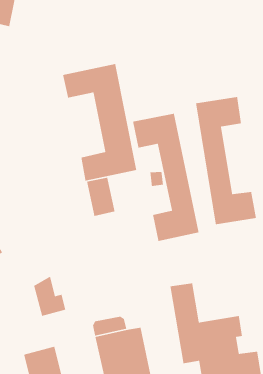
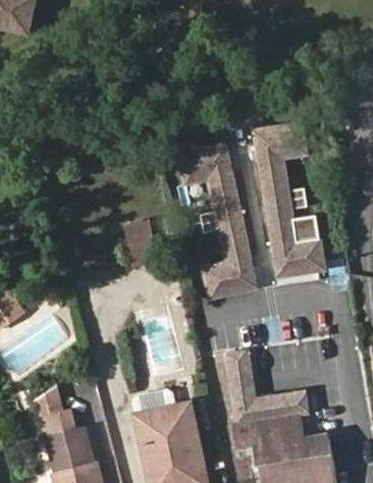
building: [62,63,137,181] -> none
building: [33,275,66,317] -> [34,385,74,436]

